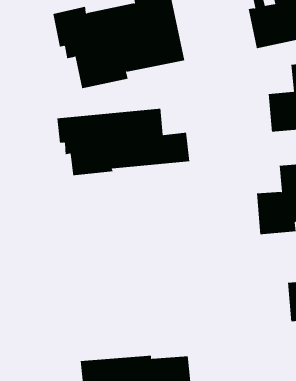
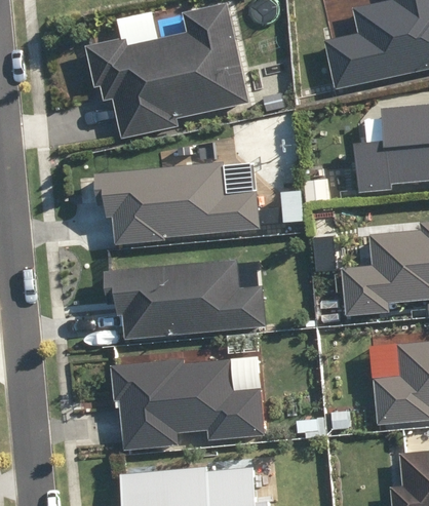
building: none -> [104,261,264,340]
building: none -> [113,358,266,451]

